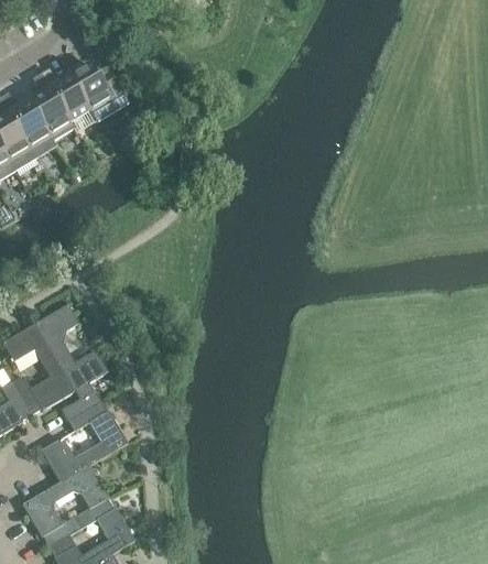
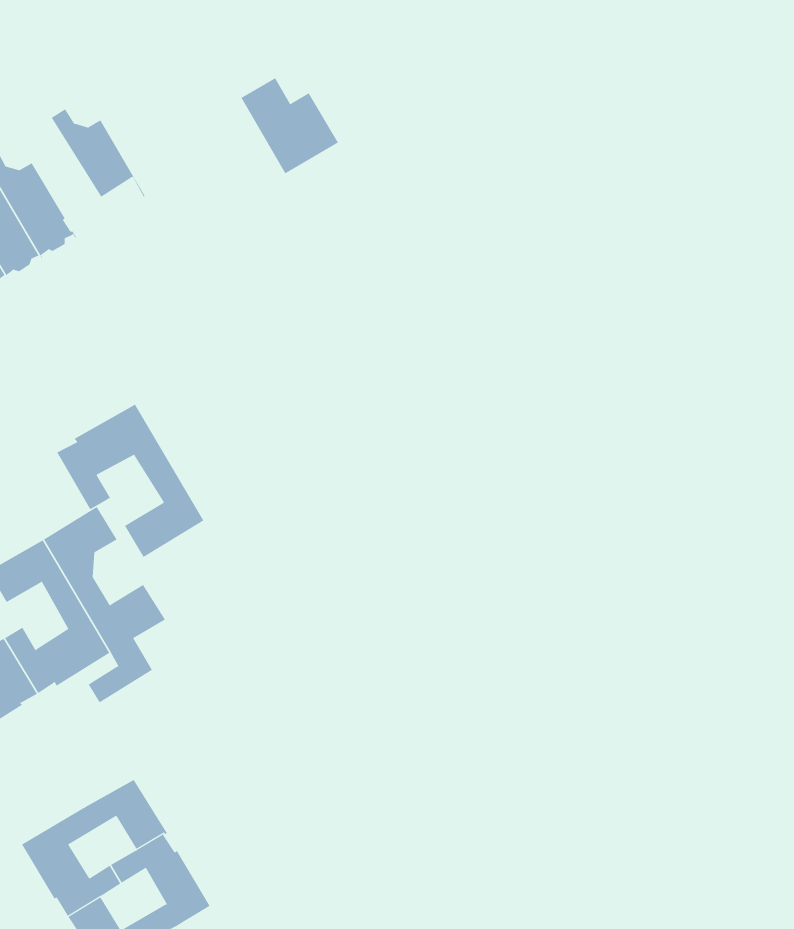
building: [68,63,127,120] -> [240,77,339,174]
building: [28,74,72,144] -> none
building: none -> [57,404,204,558]
building: [40,401,127,482] -> none

